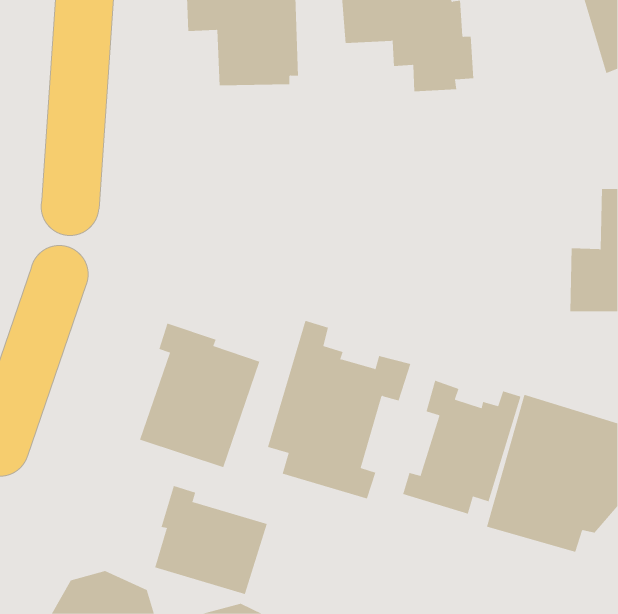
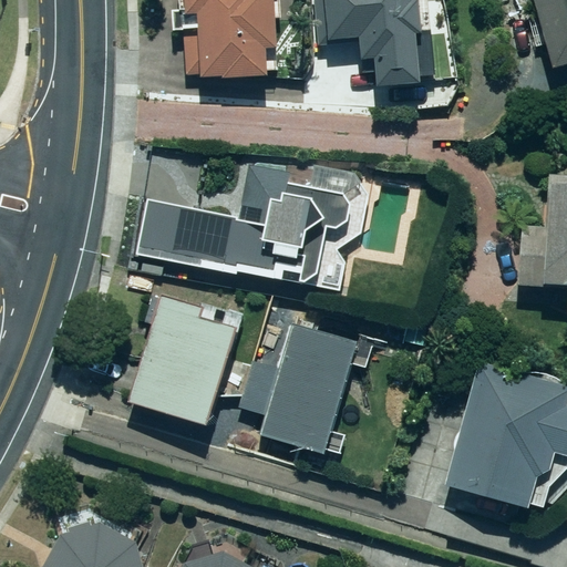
building: none -> [138,153,368,289]
building: [403,380,521,514] -> none
building: [155,485,267,595] -> none

